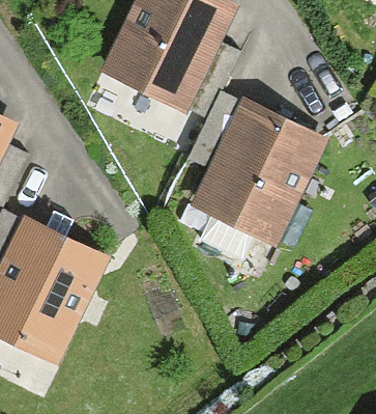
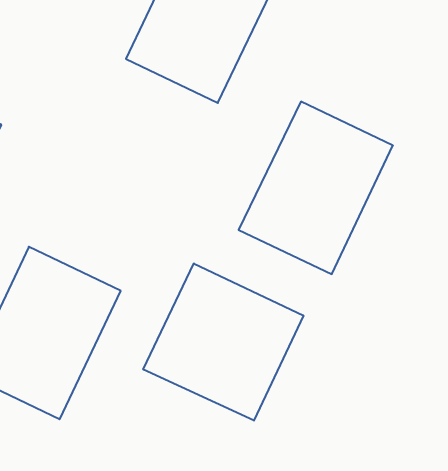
building: none -> [143,263,303,421]

